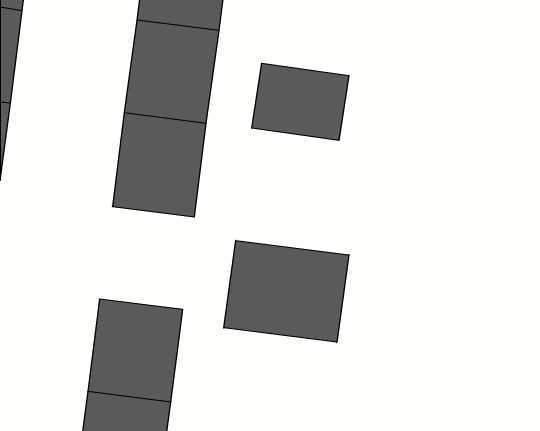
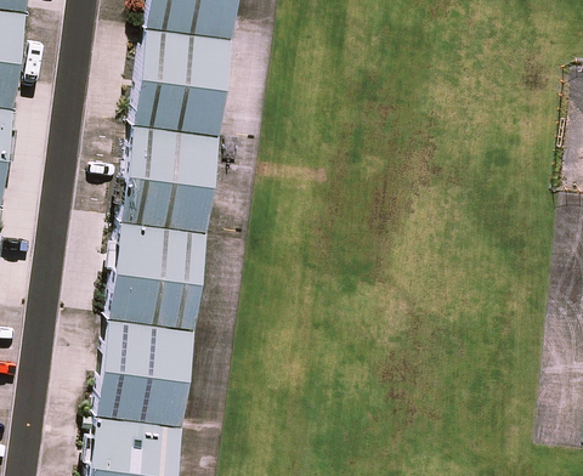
building: [252,63,349,140] -> none
building: none -> [106,216,204,323]
building: [224,240,349,342] -> none

